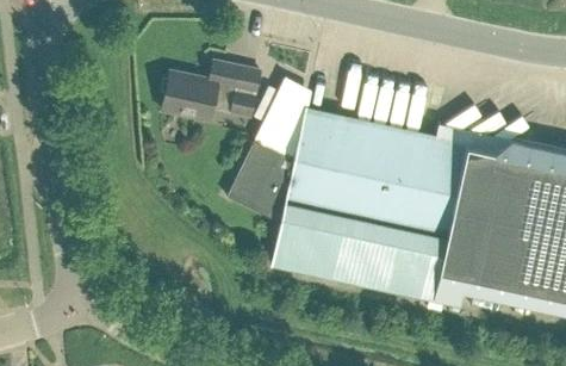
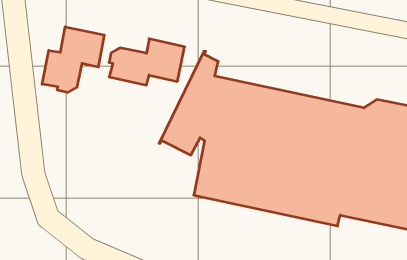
building: none -> [42,27,104,92]

